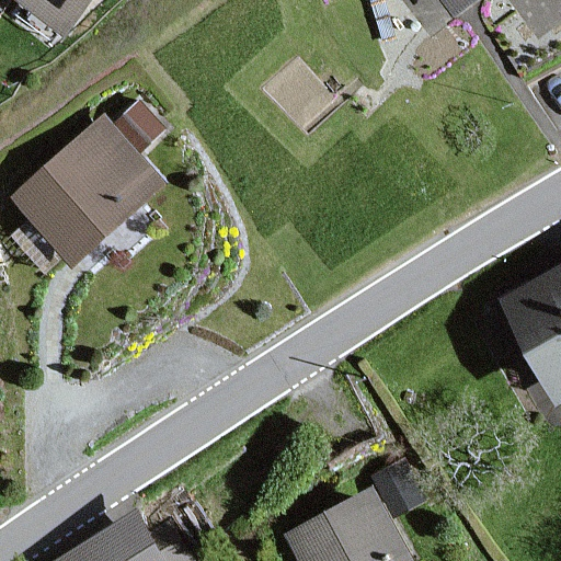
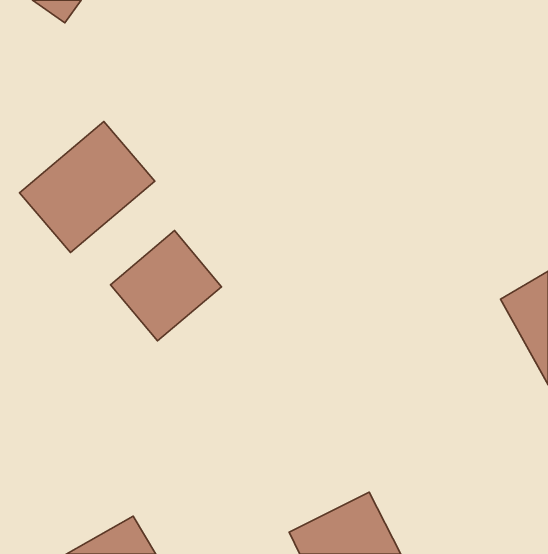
building: none -> [110,231,221,341]

